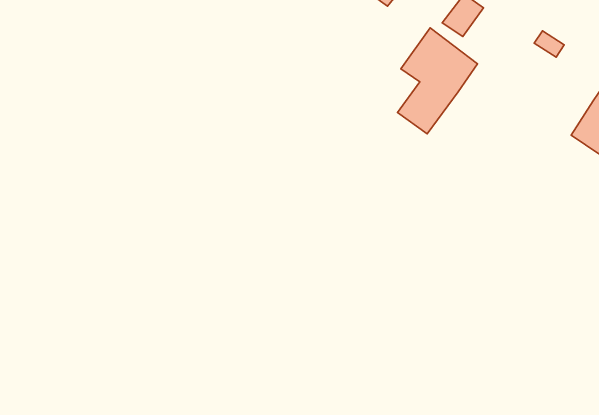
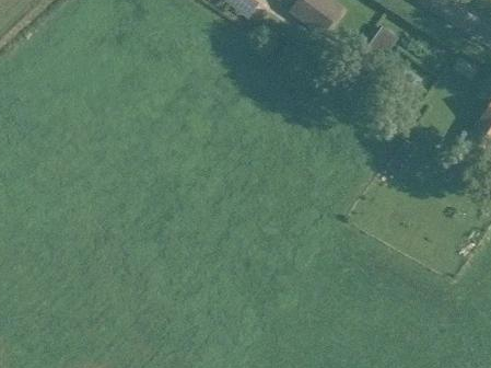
building: [398,28,478,134] -> none

